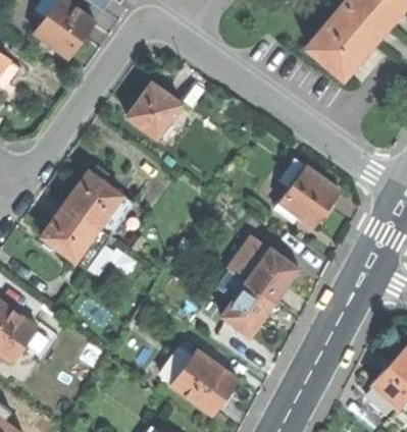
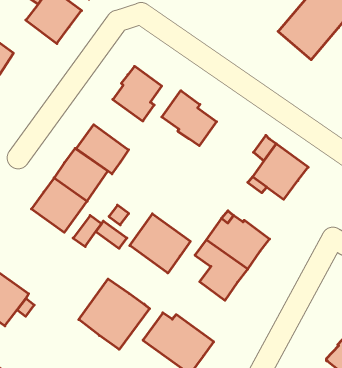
building: none -> [162,91,217,146]
building: none -> [76,125,129,174]
building: none -> [130,214,190,273]
building: none -> [79,279,150,349]

